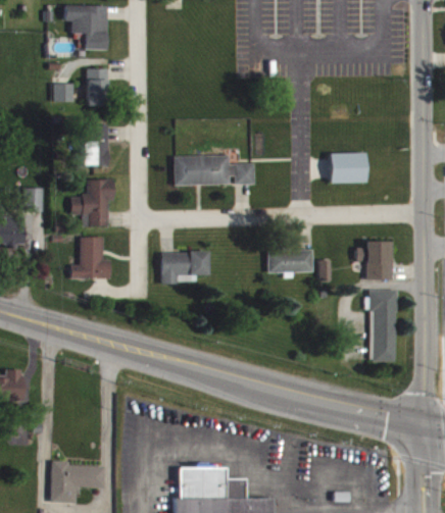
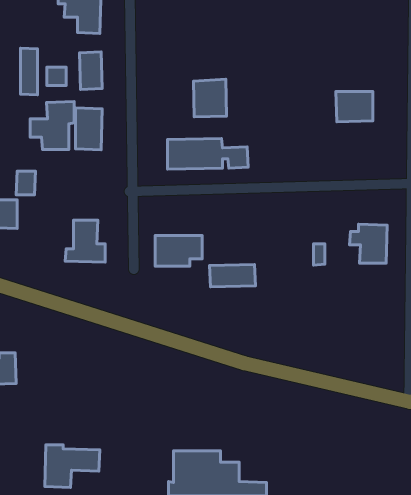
building: none -> [21,48,38,95]
building: none -> [194,79,227,117]
building: [329,153,365,184] -> [336,91,373,122]
building: [69,178,113,226] -> [30,101,74,149]
building: [267,250,313,272] -> [210,265,256,287]
building: [365,290,396,361] -> none

